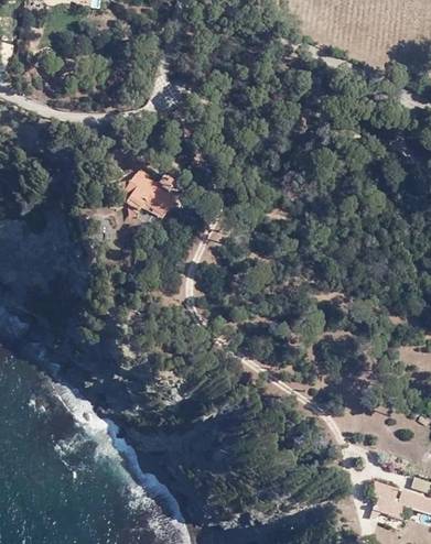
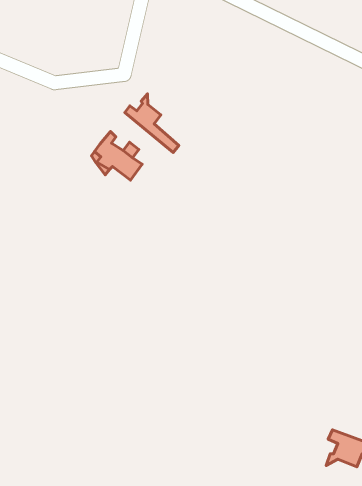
building: none -> [125,94,179,153]

